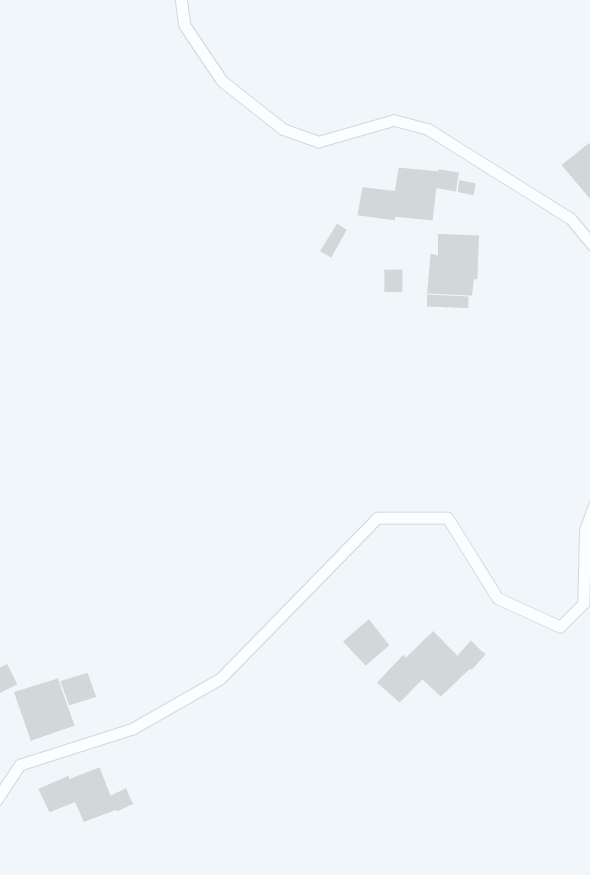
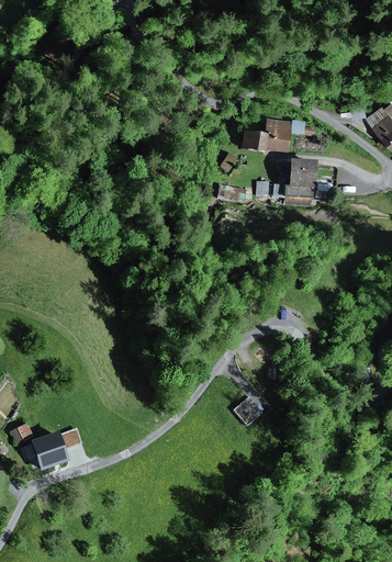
building: [376,630,487,703] -> none
building: [37,767,134,823] -> none

